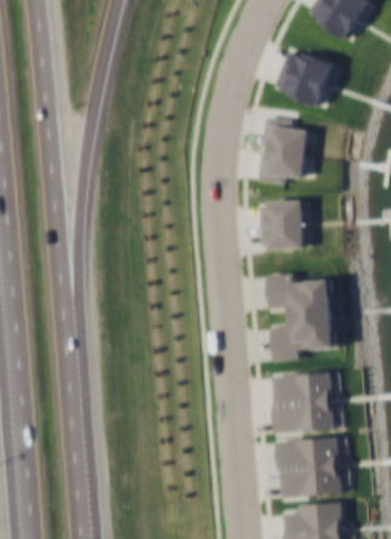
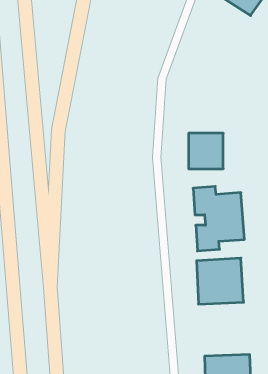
building: [283,52,334,105] -> none
building: [257,116,310,184] -> none
building: [276,436,343,498] -> none

